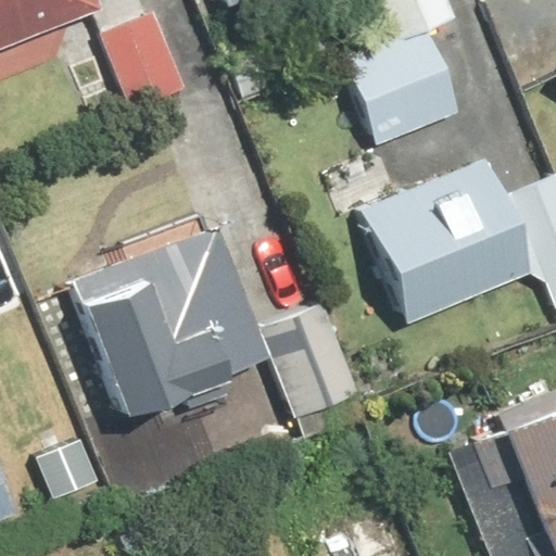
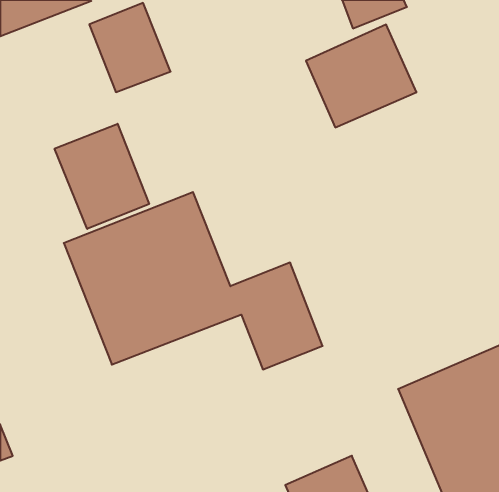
building: none -> [55,124,149,229]
building: [320,156,541,324] -> none

